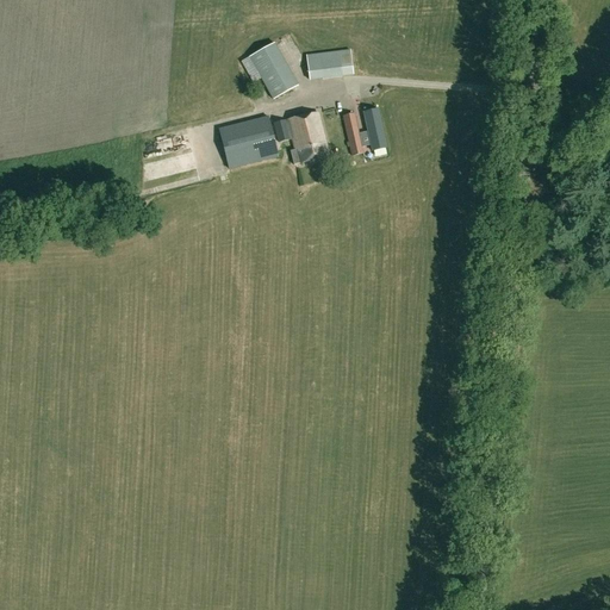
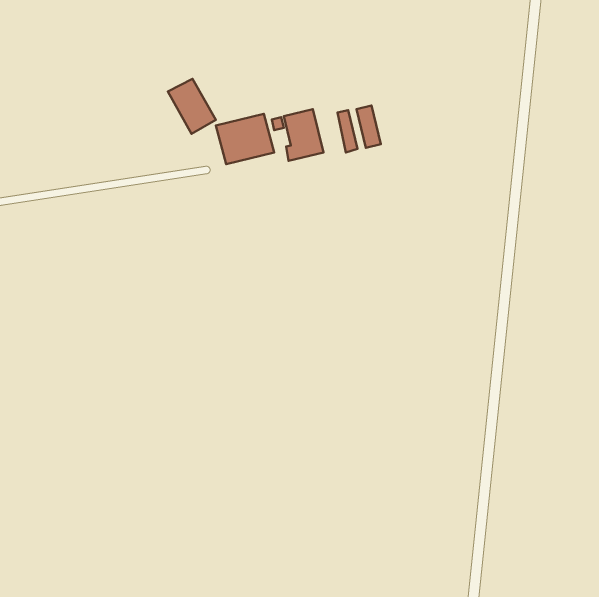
building: [249,42,298,98] -> [168,79,216,134]
building: [306,48,353,77] -> none

